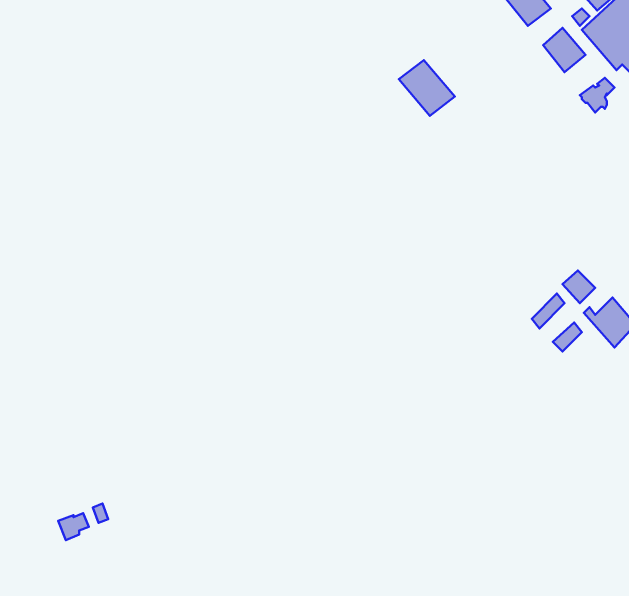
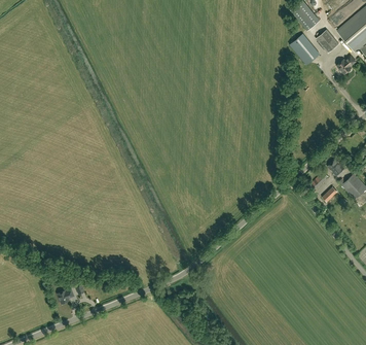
building: [399,60,455,116] -> [290,35,320,65]

